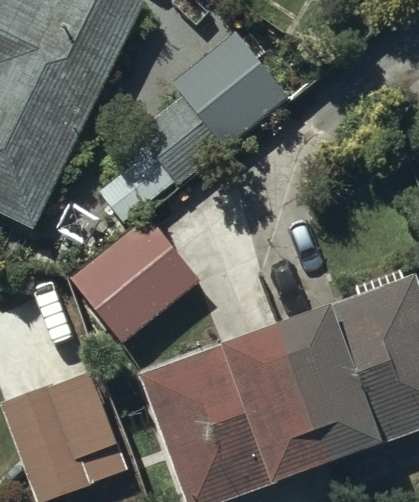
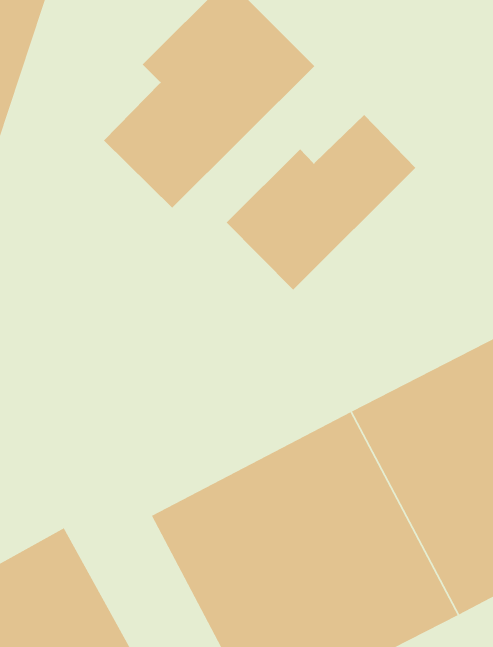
building: none -> [226,114,416,291]
building: [72,220,199,345] -> none

